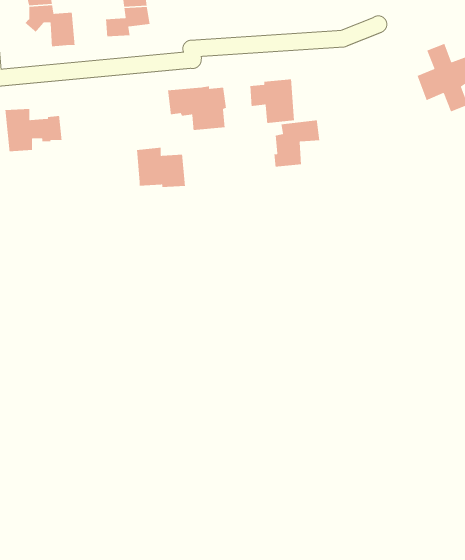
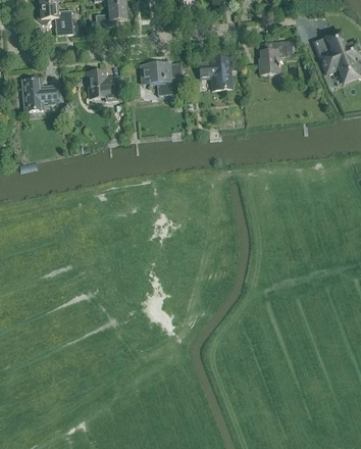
building: [274,119,320,168] -> [259,40,293,74]
building: [136,147,186,188] -> [87,70,122,100]

